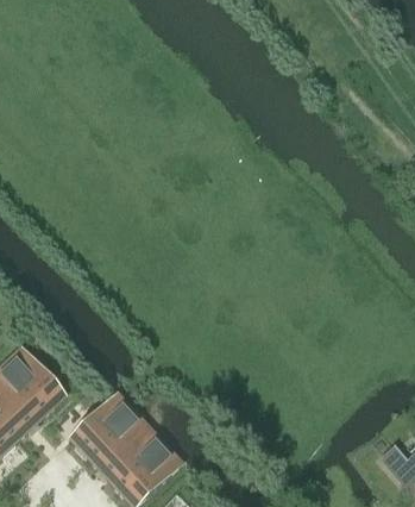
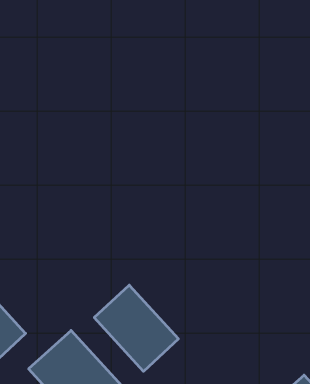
building: none -> [94,285,178,371]

